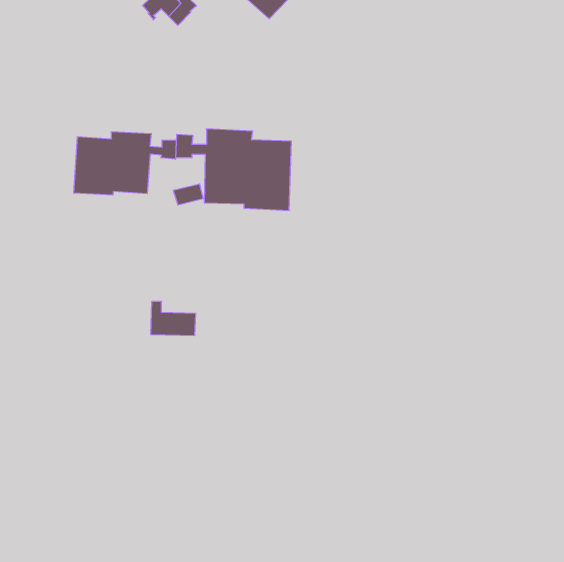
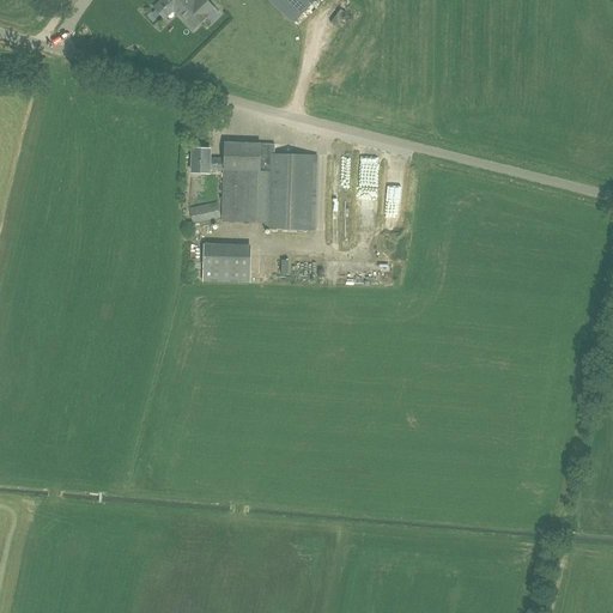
building: [74,132,176,195] -> none
building: [151,301,196,336] -> [201,243,250,280]

